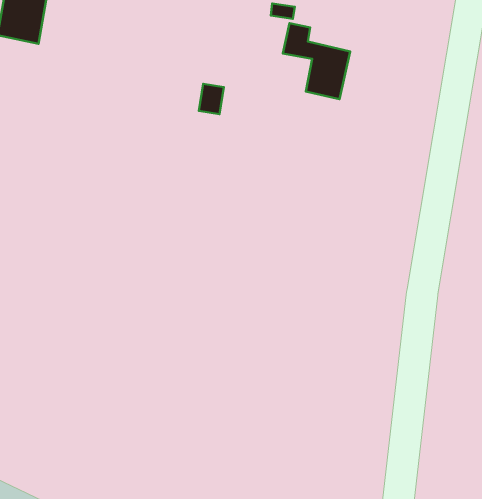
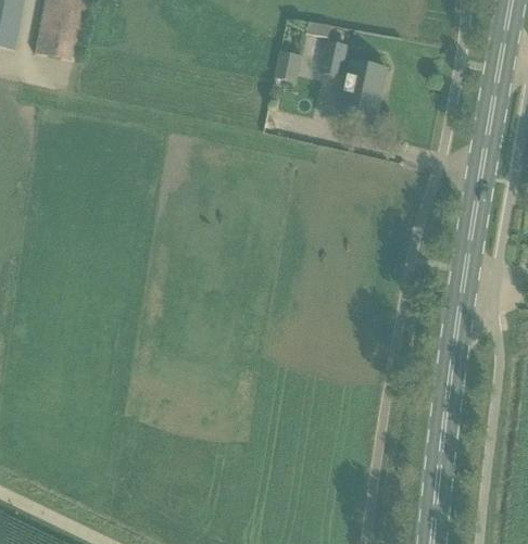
building: [199,84,224,114] -> [275,49,300,79]

